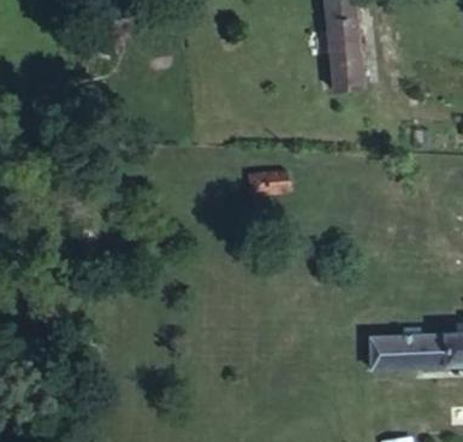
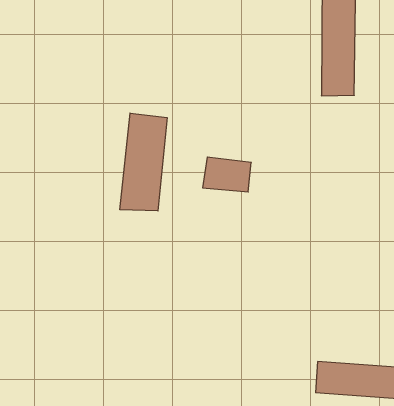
building: none -> [120,113,167,211]

